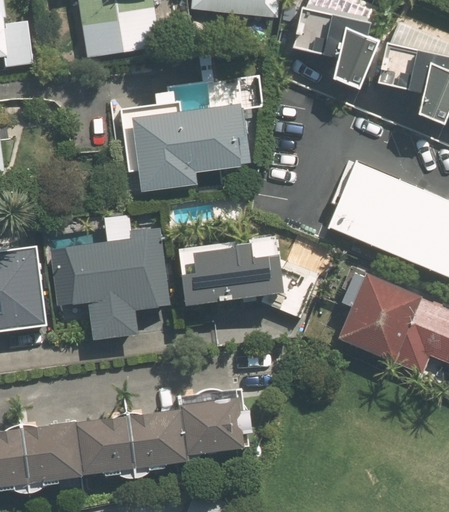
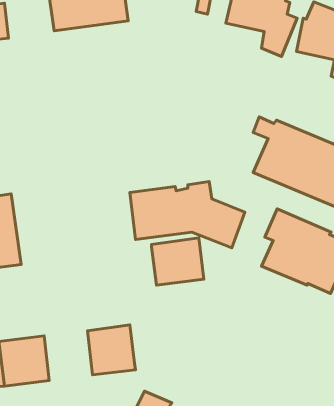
building: [118,92,249,188] -> none
building: [49,226,168,338] -> none
building: [178,399,241,456] -> [151,238,204,285]
building: [75,417,133,477] -> none

